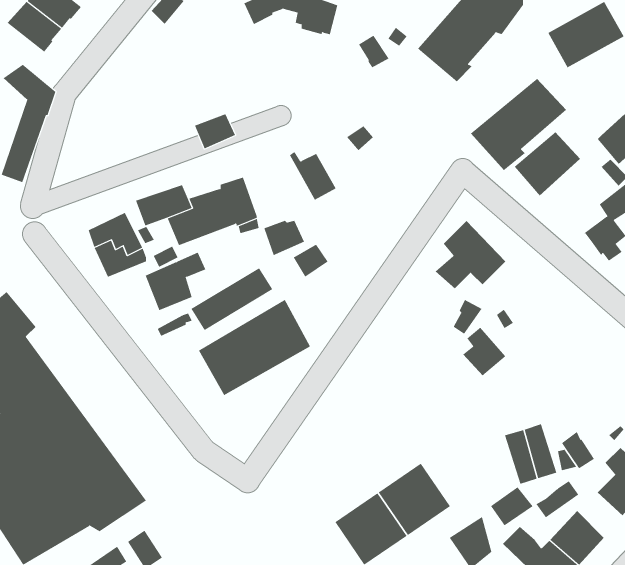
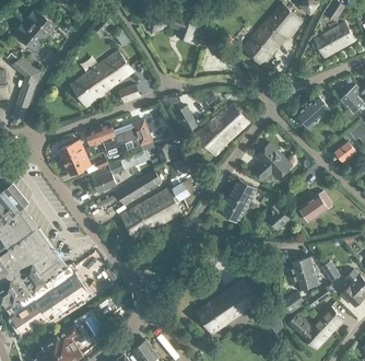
building: none -> [69,50,133,108]
building: [470,78,567,171] -> [195,105,248,156]
building: none -> [219,178,257,223]
building: none -> [297,191,332,222]

